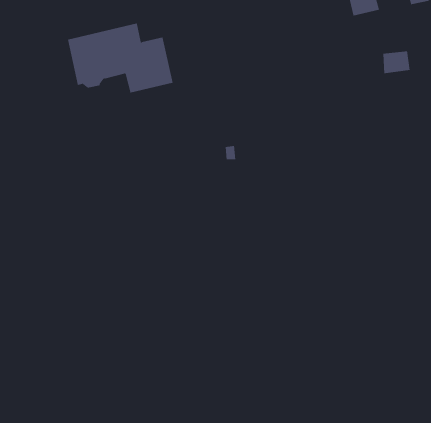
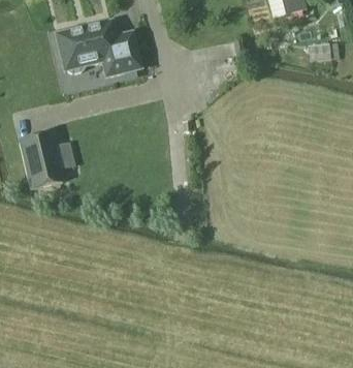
building: none -> [21,131,64,187]

